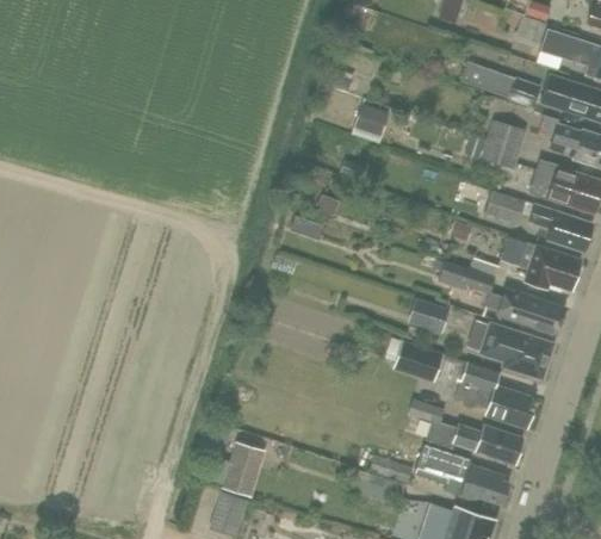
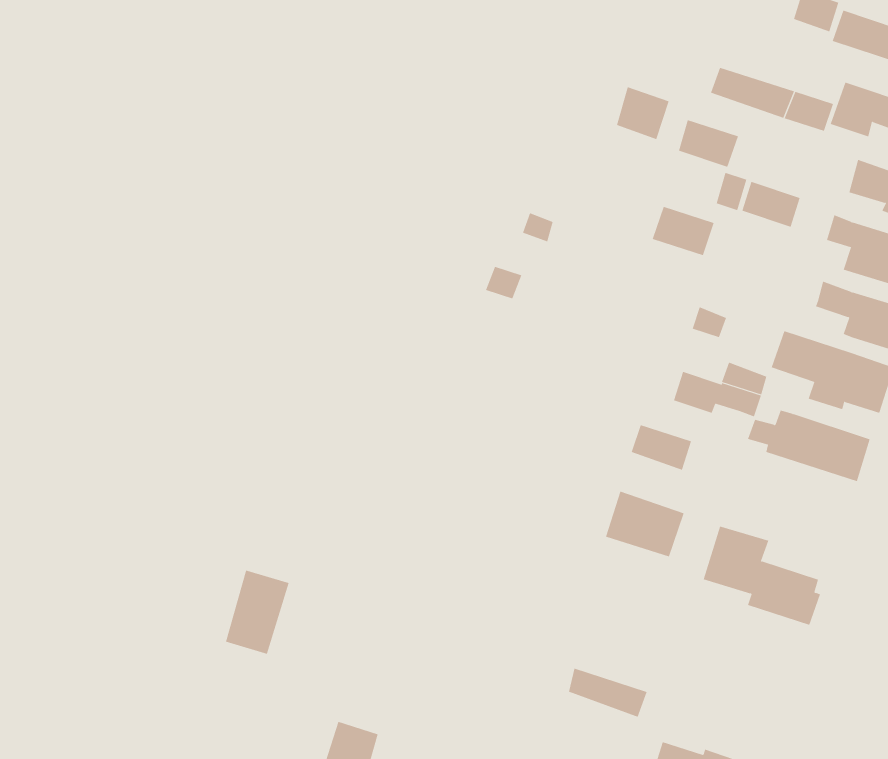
building: [354,104,389,138] -> [616,87,670,140]
building: [488,119,527,150] -> [678,119,739,167]
building: [485,191,526,223] -> [652,206,715,256]
building: [478,322,553,379] -> none
building: [408,399,522,463] -> none
building: [223,441,265,496] -> [225,570,290,655]
building: [438,456,508,504] -> none

